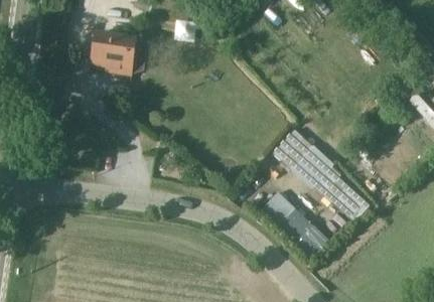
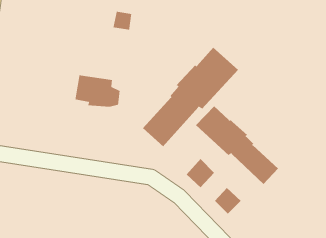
building: [91,32,145,71] -> [75,74,121,108]
building: none -> [142,47,239,147]

